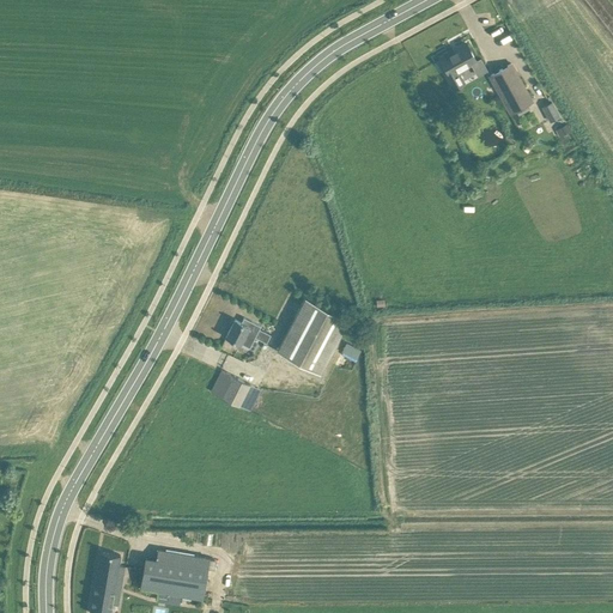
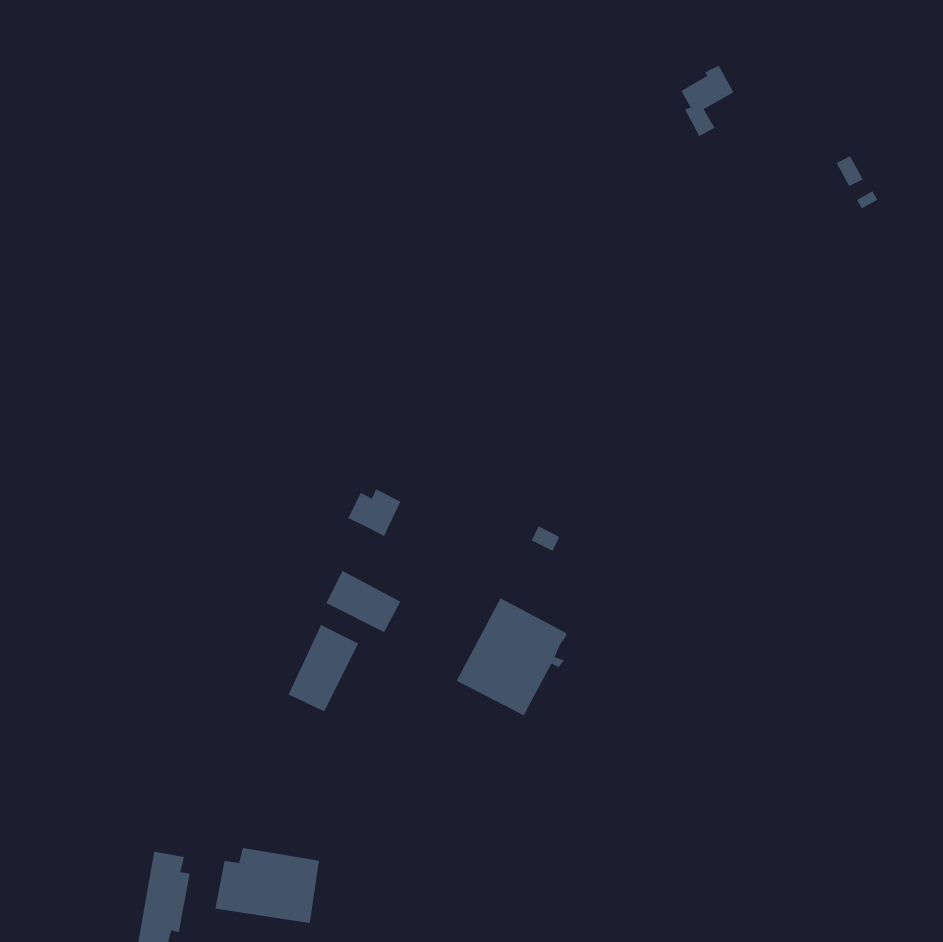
building: [488,65,532,115] -> none
building: [275,298,347,375] -> [456,598,567,716]
building: none -> [288,624,359,712]

